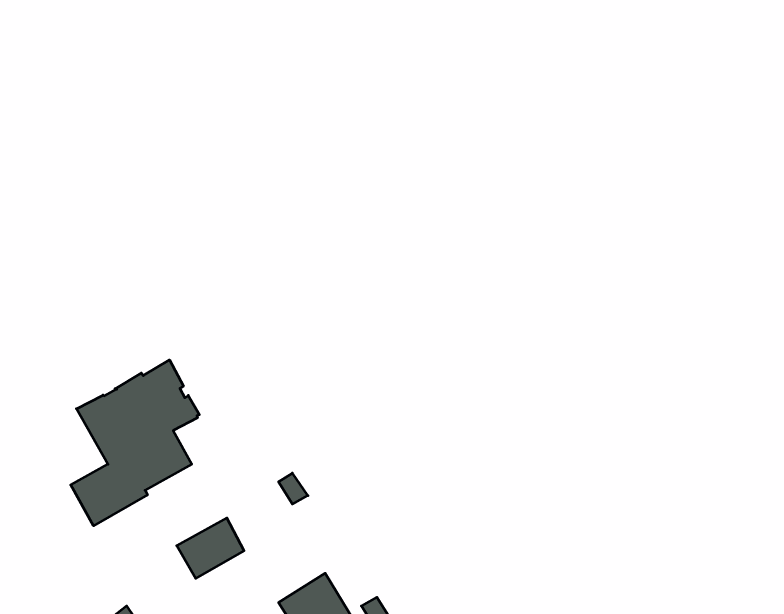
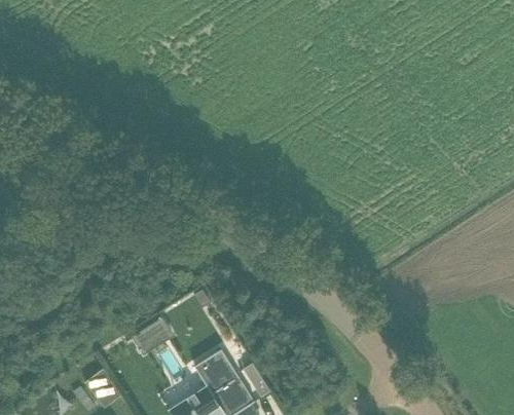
building: [71,360,199,526] -> none

